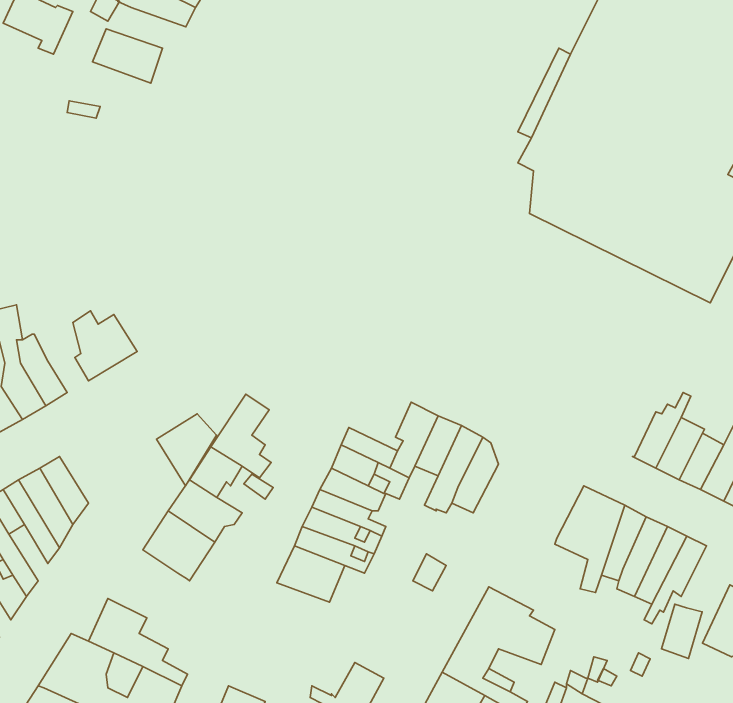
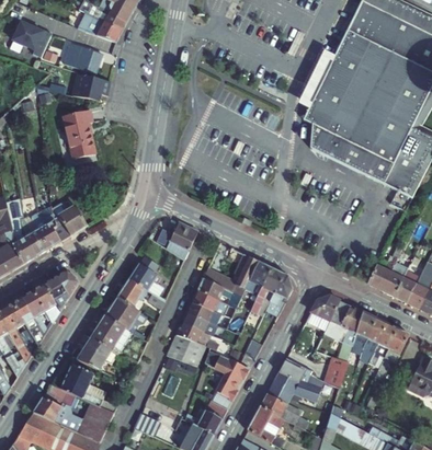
building: none -> [71,73,110,101]
building: none -> [62,109,95,159]
building: none -> [30,203,60,247]
building: none -> [164,221,197,259]
building: [156,414,217,486] -> [44,269,78,310]
building: none -> [305,295,340,330]
building: none -> [77,336,116,369]
building: none -> [204,349,249,400]
building: [661,604,702,658] -> [323,356,346,386]

